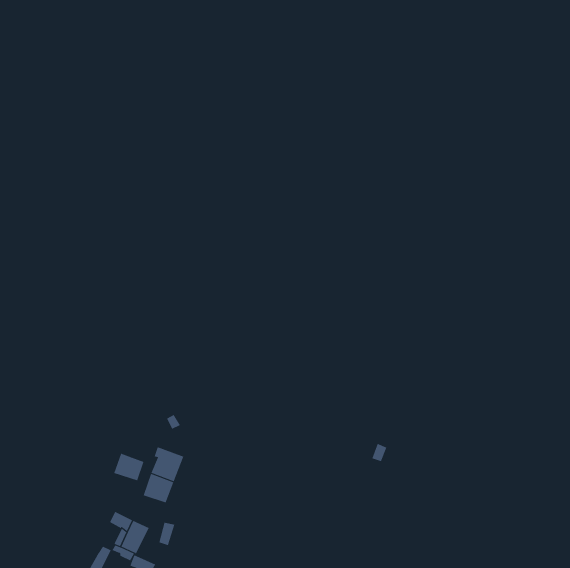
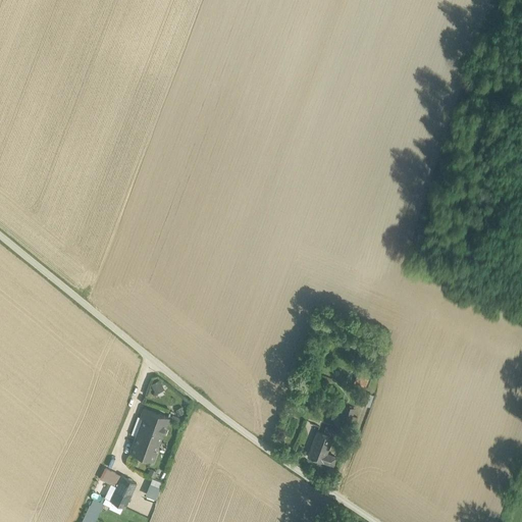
building: [113,453,144,481] -> none
building: none -> [308,432,335,467]

